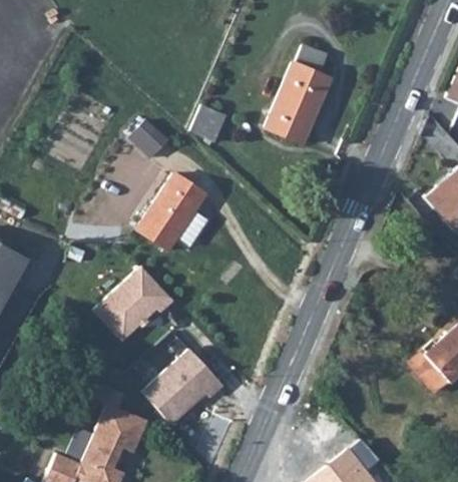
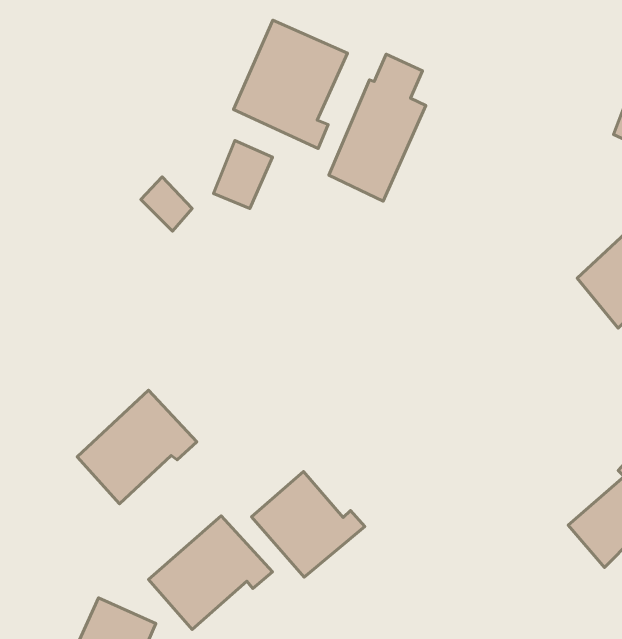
building: none -> [234,20,347,149]
building: [137,183,207,263] -> none
building: none -> [251,471,365,577]

